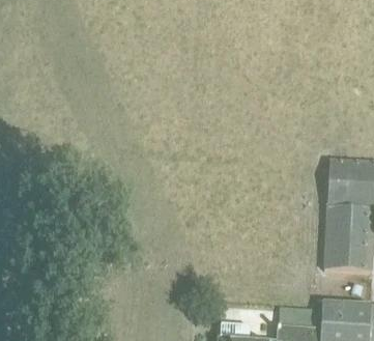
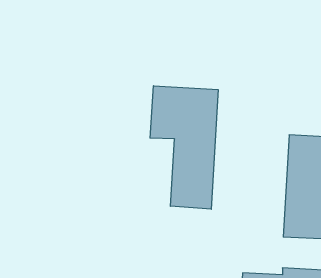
building: none -> [150,86,218,209]

